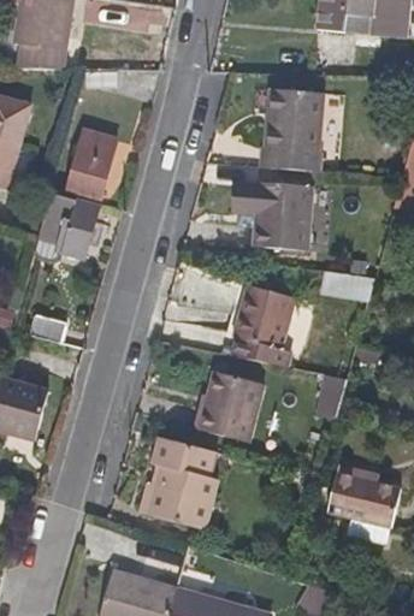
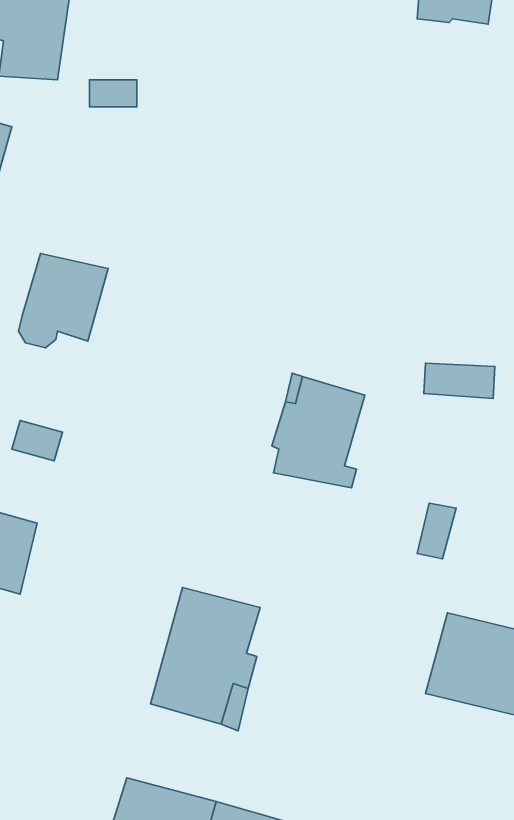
building: [262,90,323,172] -> none
building: [63,123,118,195] -> none
building: [237,183,312,250] -> none
building: [183,367,254,439] -> none

